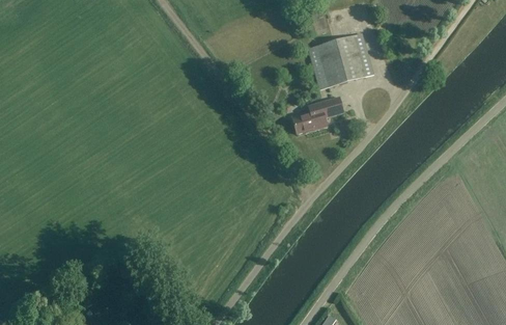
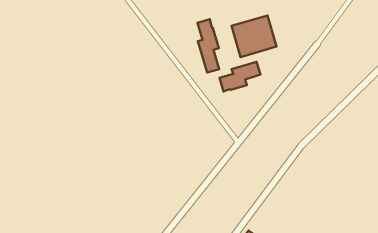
building: none -> [197,19,219,72]

